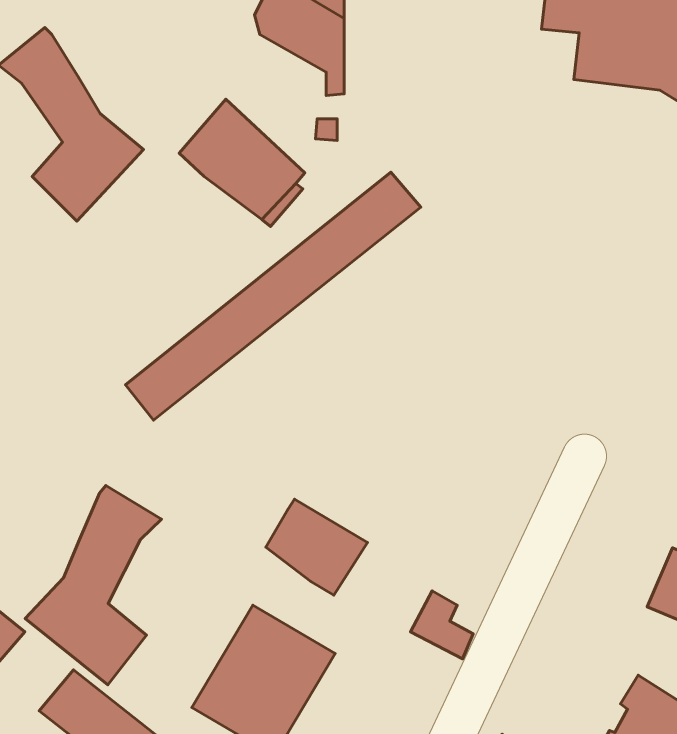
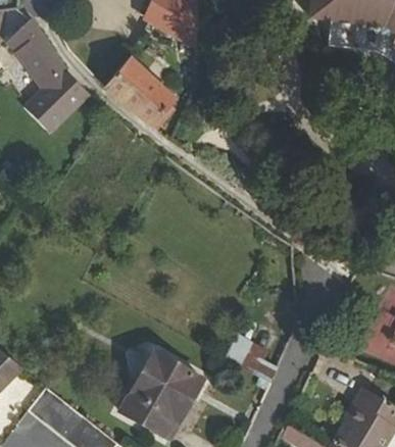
building: [126,172,421,420] -> none
building: [25,485,162,685] -> none
building: [266,499,367,595] -> none

